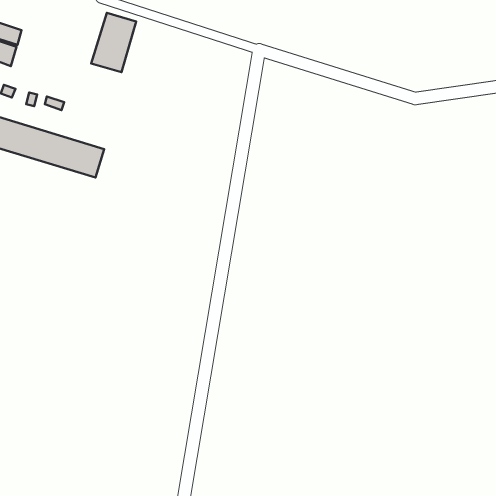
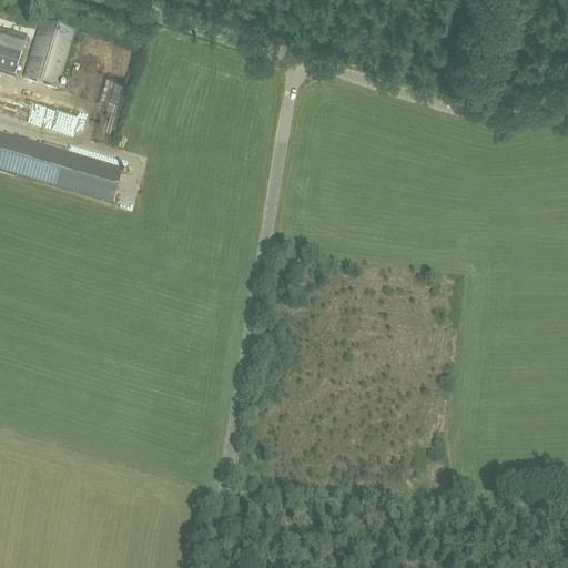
building: [91,13,136,72] -> [21,19,72,87]

